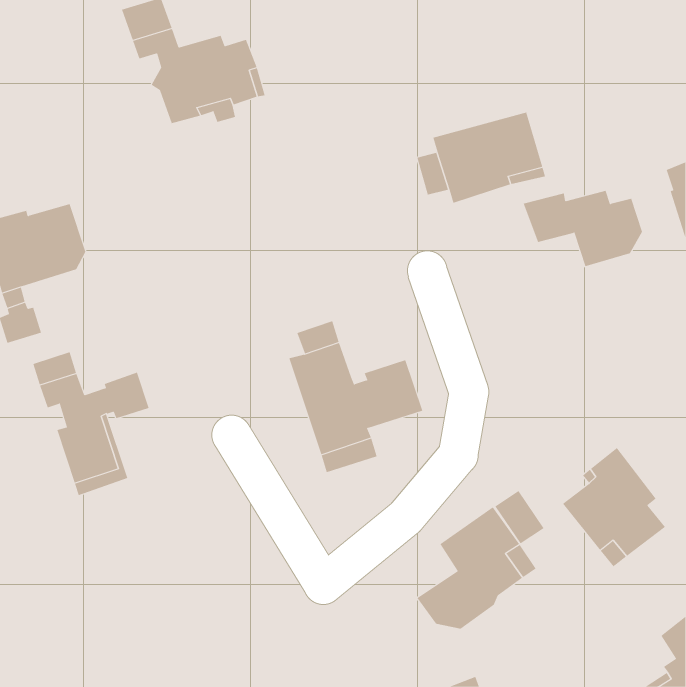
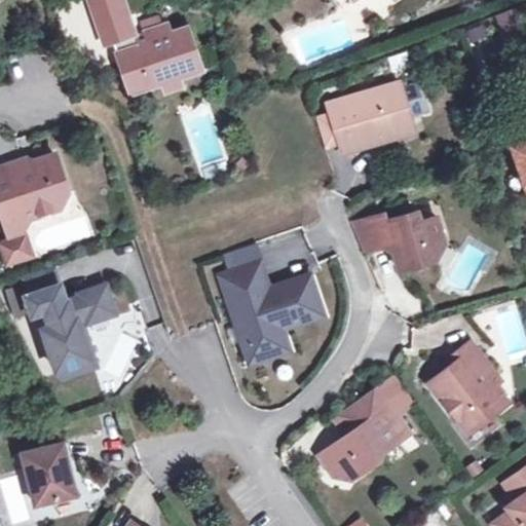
building: [523,190,643,267] -> [353,214,445,272]
building: none -> [23,442,76,502]

